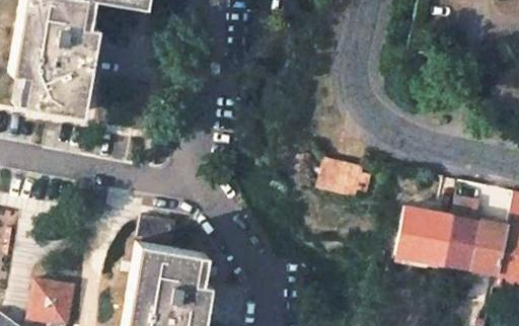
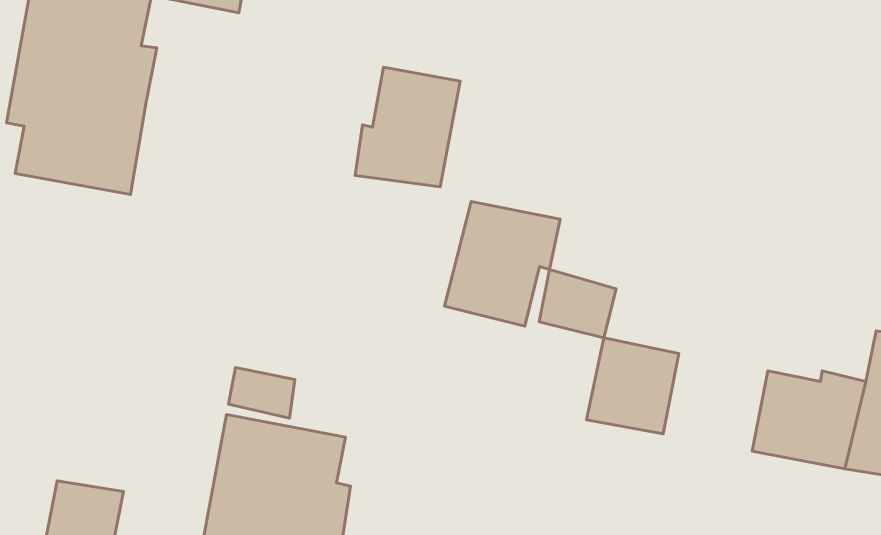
building: none -> [355,67,460,187]
building: none -> [445,201,560,326]
building: [397,208,451,263] -> [586,338,679,434]

